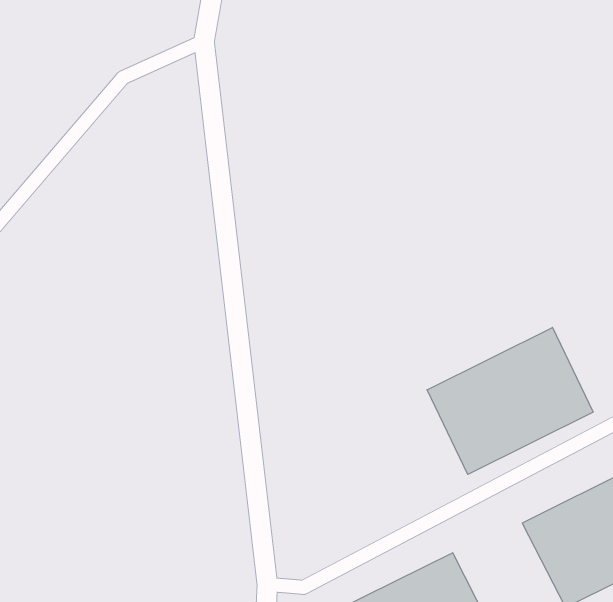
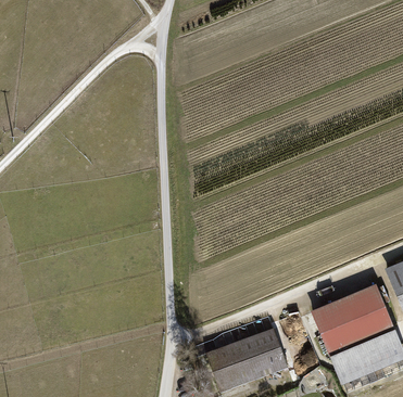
building: [427,327,593,474] -> none

